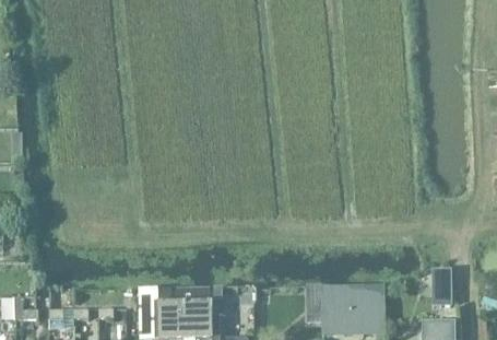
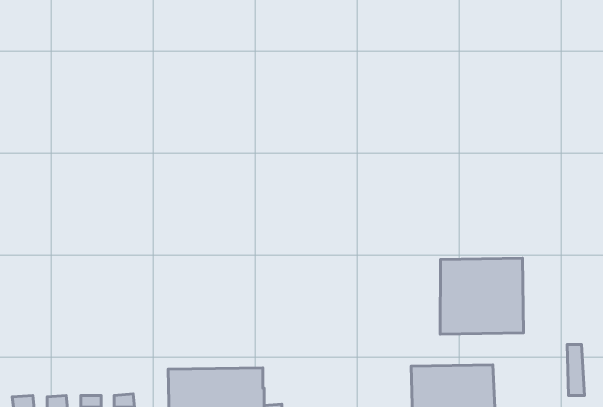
building: none -> [440,258,524,334]

